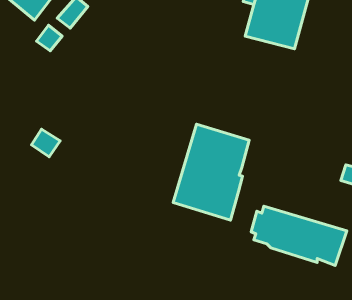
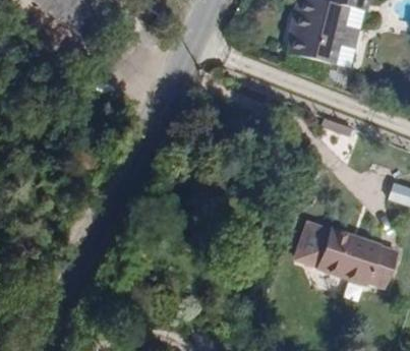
building: [173,124,249,220] -> none

